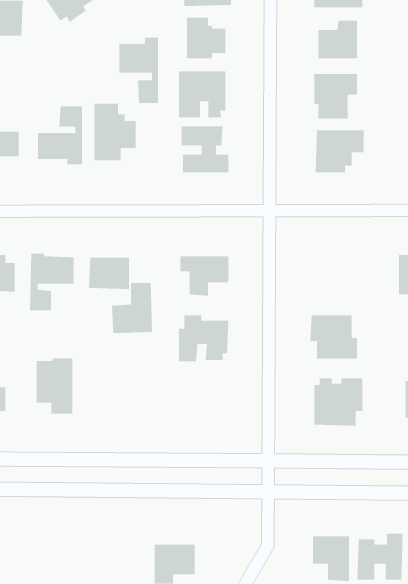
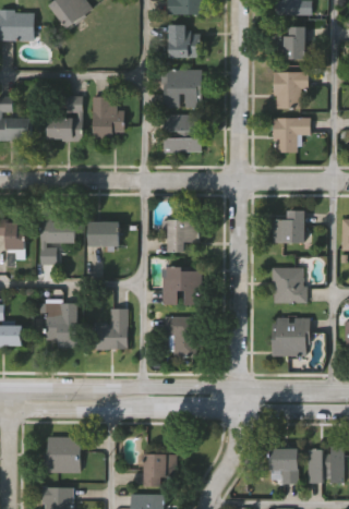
building: [119,37,158,104] -> none
building: none -> [270,208,304,244]
building: [111,283,153,333] -> [94,308,128,350]
building: none -> [163,316,200,356]
building: none -> [40,436,79,474]

